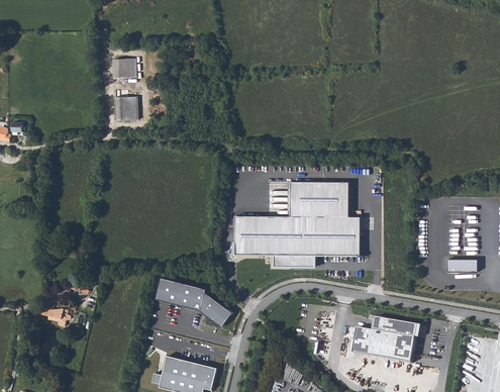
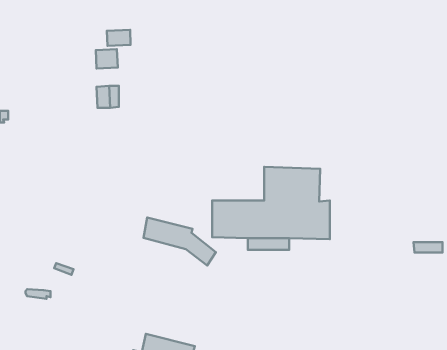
building: none -> [107,30,131,46]
building: [155,276,230,326] -> [143,217,216,266]
building: [353,317,425,365] -> none

